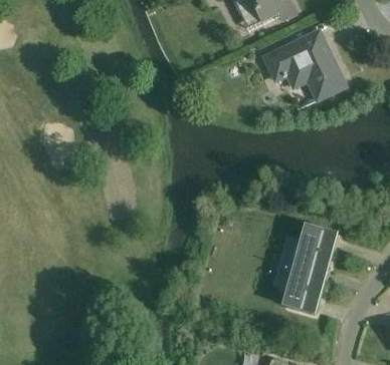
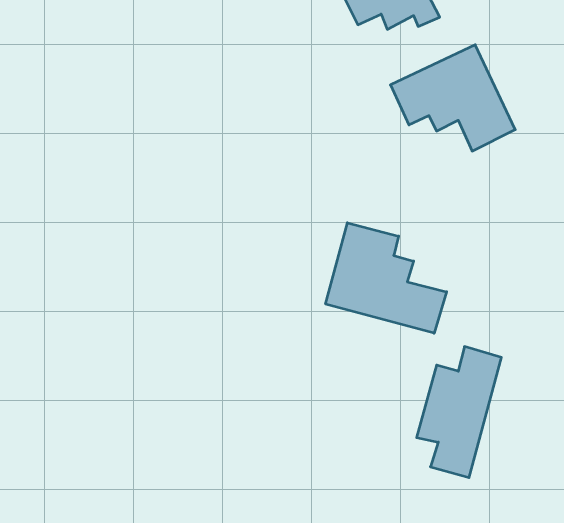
building: none -> [326,223,447,333]

